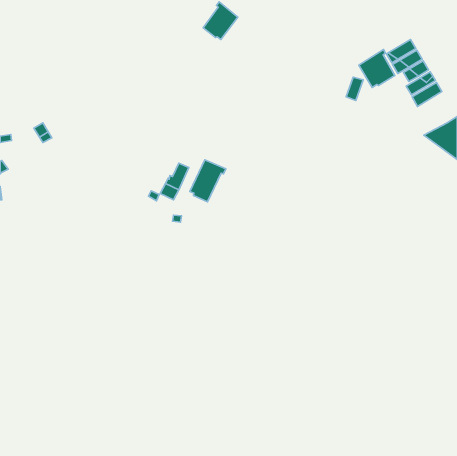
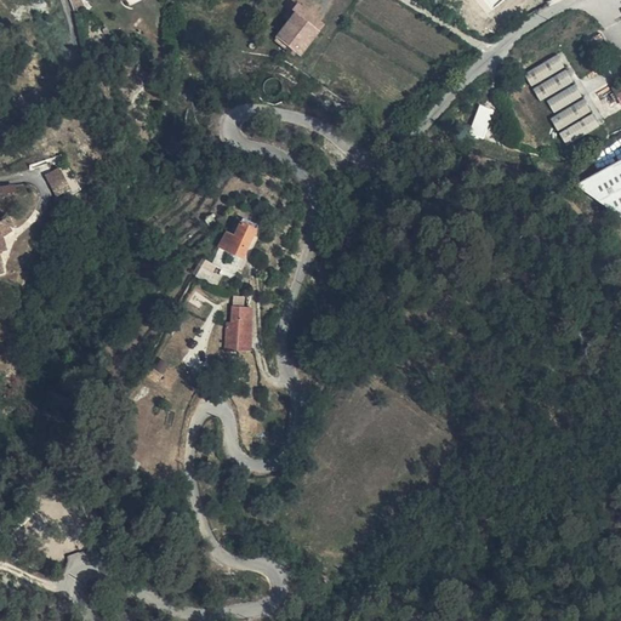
building: [359,50,395,87] -> none
building: [190,160,226,202] -> none
building: none -> [226,307,251,348]

